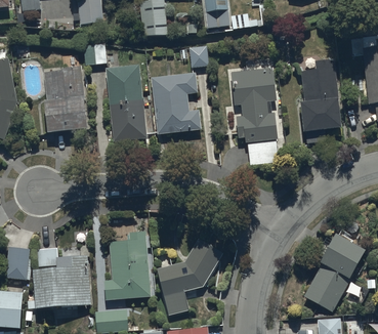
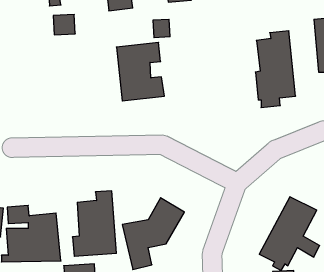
building: [103,64,148,142] -> none
building: [43,65,87,133] -> none
building: [229,67,278,164] -> none

